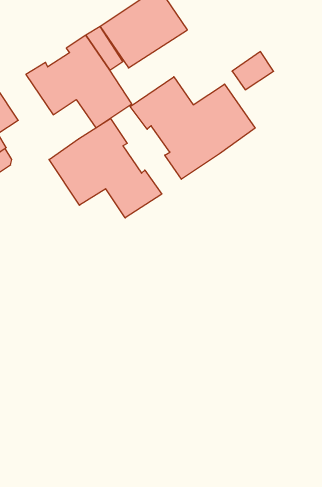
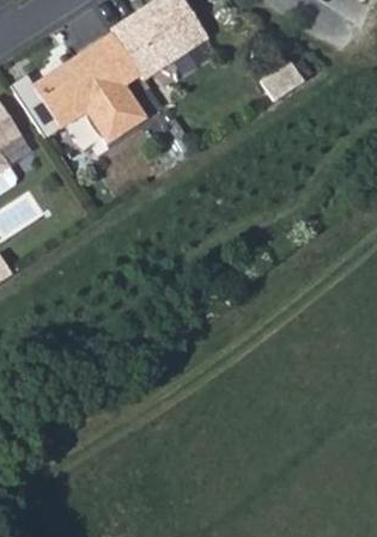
building: [130,77,255,179] -> none
building: [49,118,162,218] -> none

